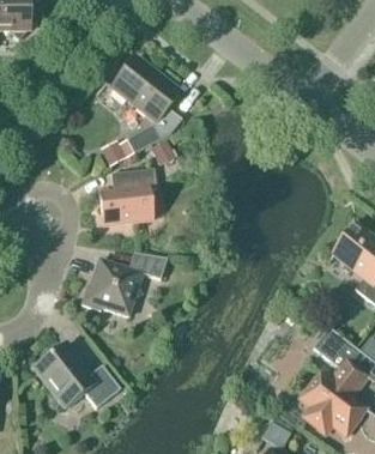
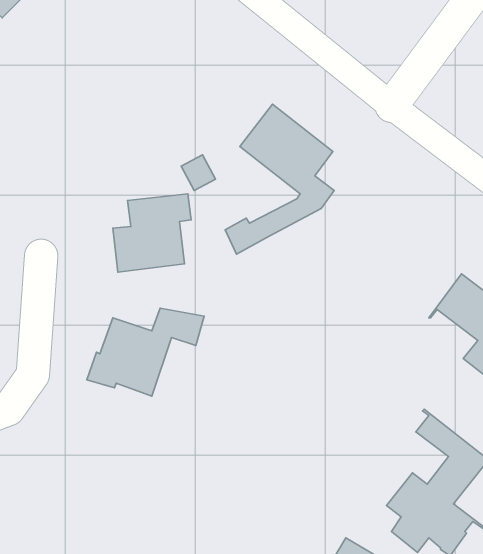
building: [99,55,180,165] -> [225,104,334,254]
building: [34,343,119,407] -> none

